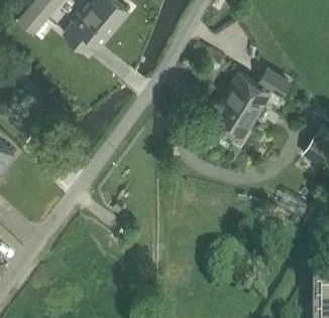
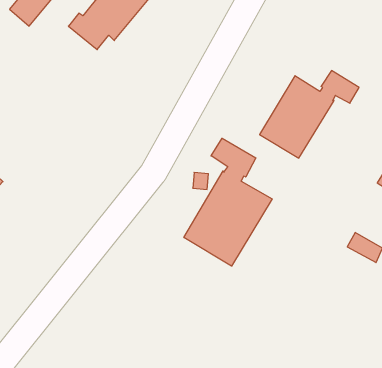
building: none -> [184,138,272,266]

